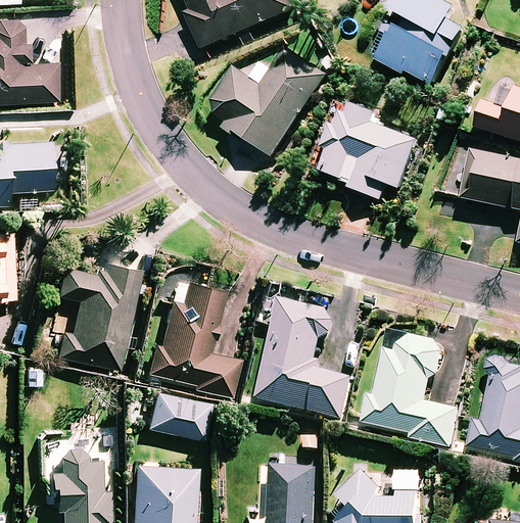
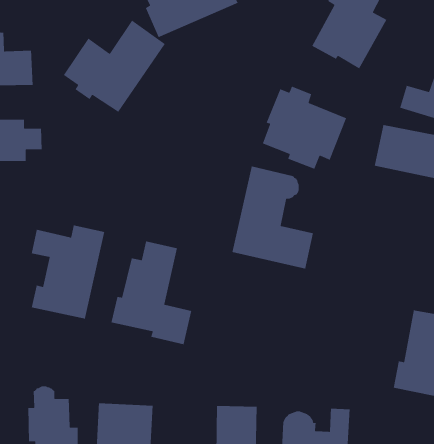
building: [208,48,326,154] -> [63,20,166,113]
building: [254,301,348,420] -> [231,166,314,269]
building: [364,334,459,447] -> none
building: [146,389,210,439] -> none

